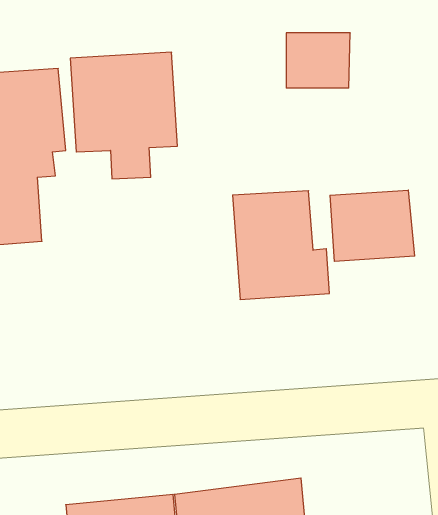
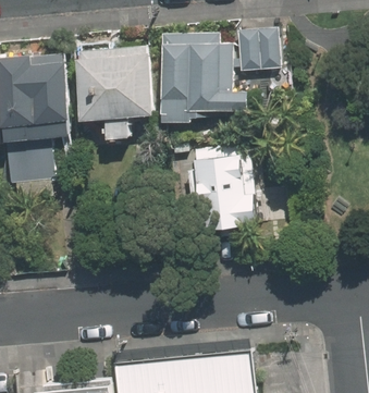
building: none -> [155,32,249,124]
building: [330,190,415,261] -> none

